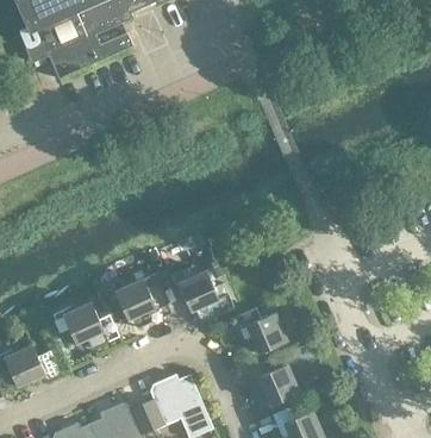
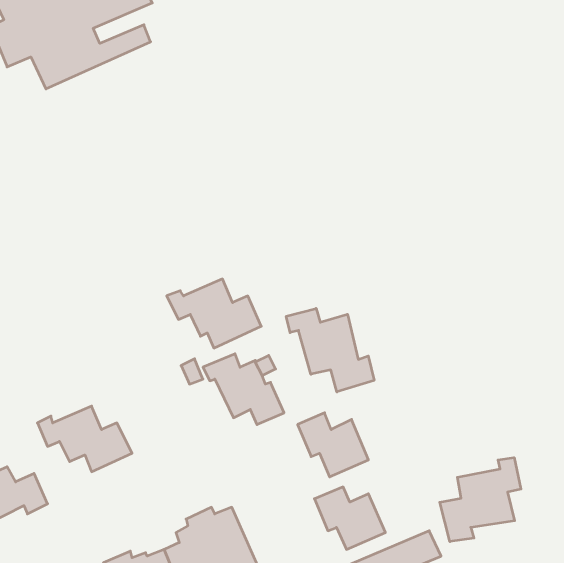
building: none -> [286,308,374,392]
building: [104,279,170,327] -> [167,279,261,348]
building: none -> [440,458,521,542]

